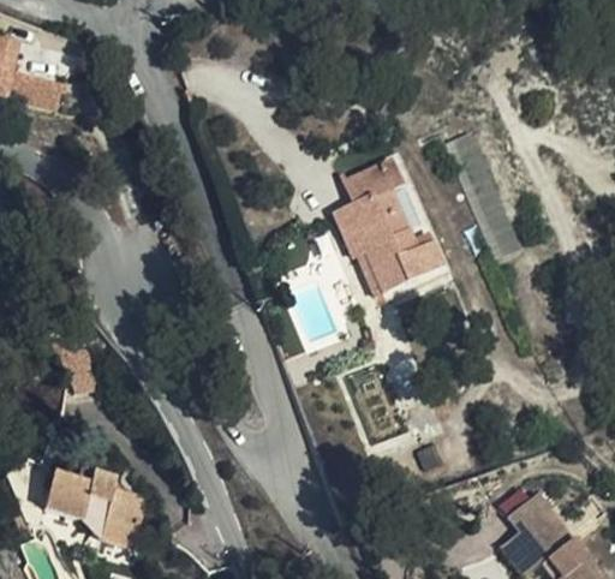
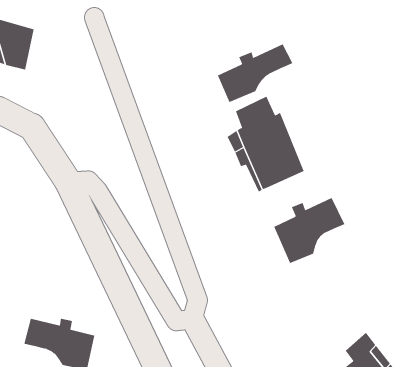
building: none -> [217,44,293,103]
building: none -> [273,197,345,264]

